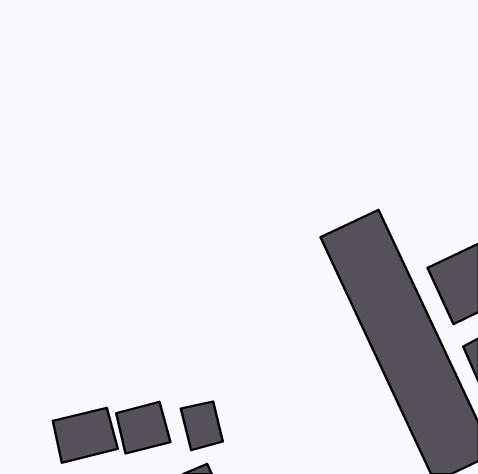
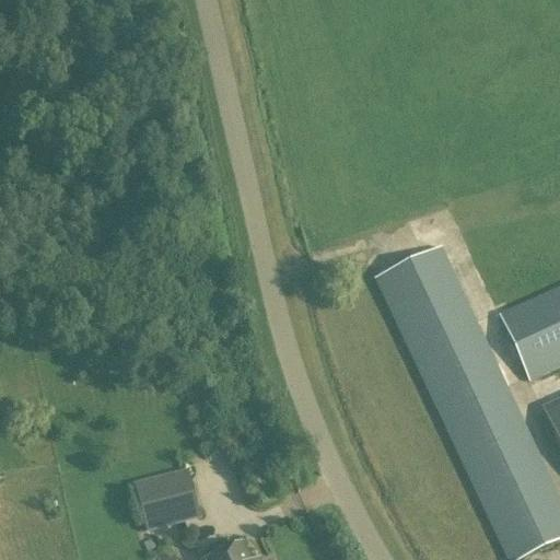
building: [181,402,223,450] -> none
building: [53,408,118,463] -> none

